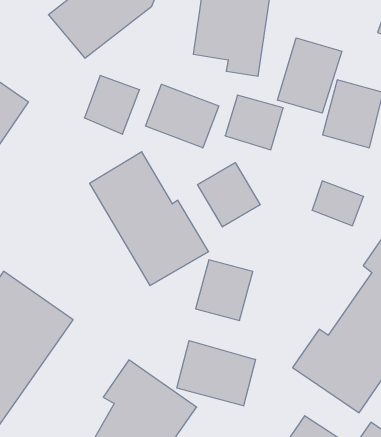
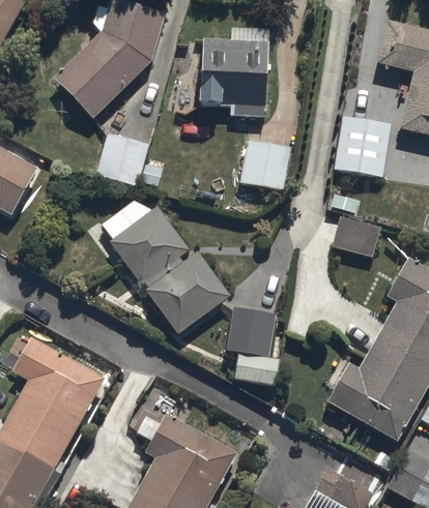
building: [277,38,342,113] -> none
building: [145,84,219,148] -> none
building: [198,163,260,227] -> none
building: [177,341,255,406] -> none

